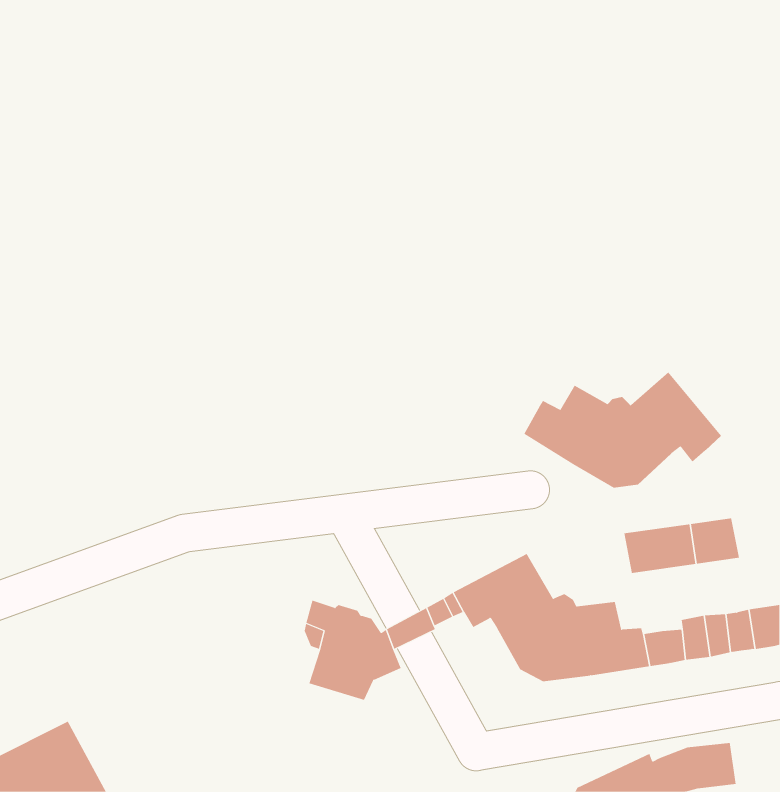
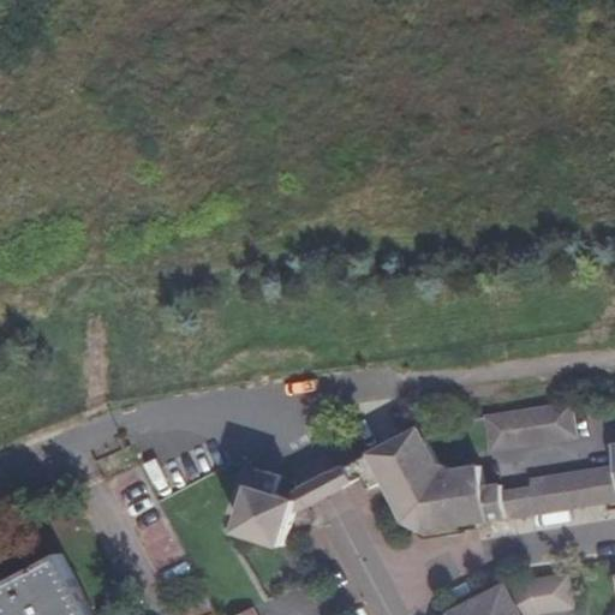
building: [524,371,722,488] -> none

